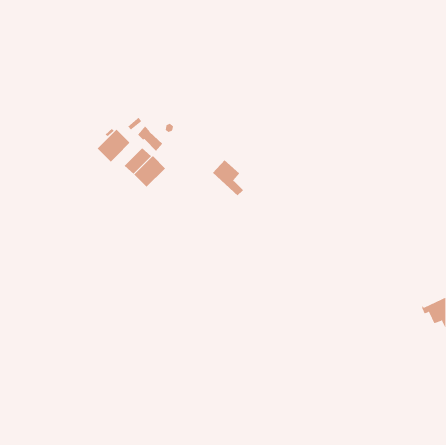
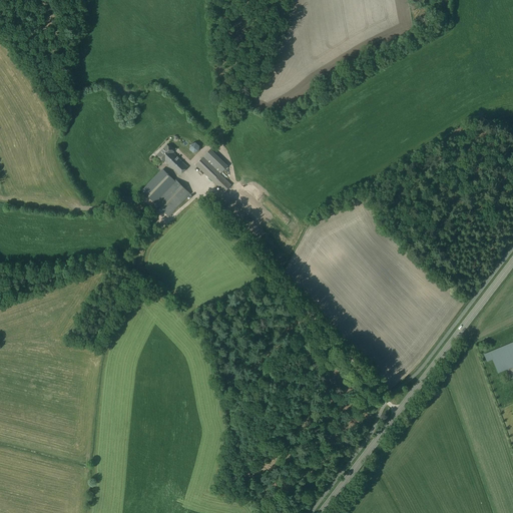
building: [97,129,131,162] -> none
building: [212,160,244,196] -> [195,149,231,191]

